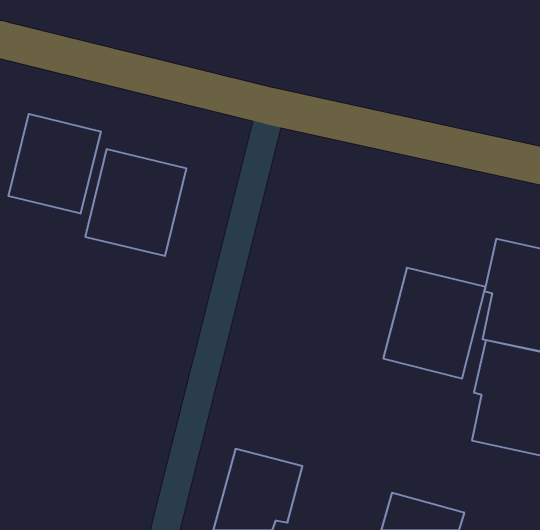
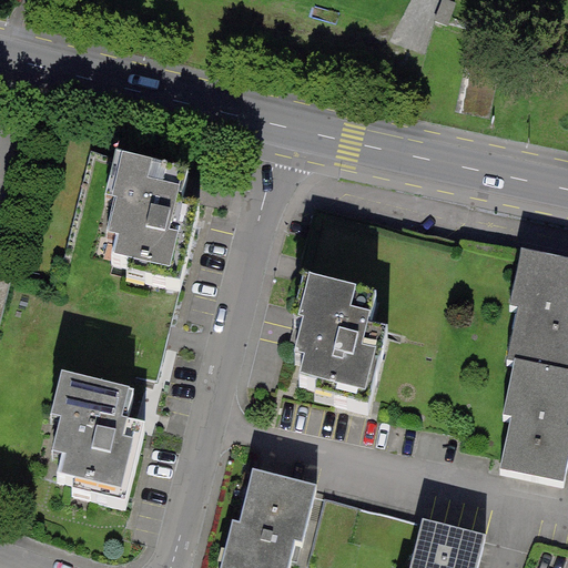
building: [9,114,101,214] -> none
building: [383,268,486,379] -> [288,283,395,398]
building: none -> [40,378,149,498]

